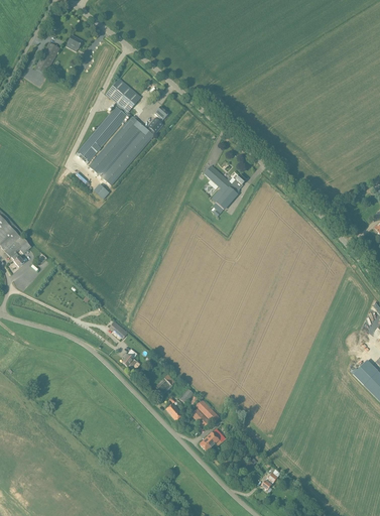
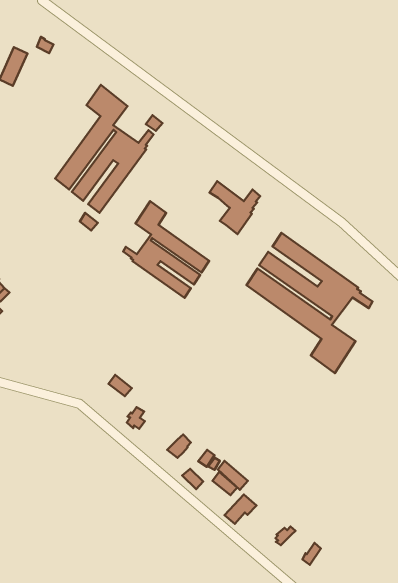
building: none -> [123,201,209,298]
building: none -> [247,233,373,373]

